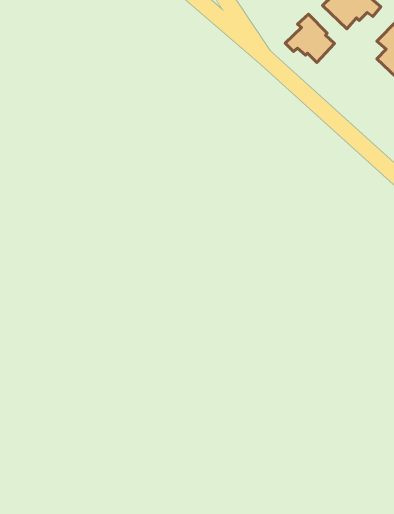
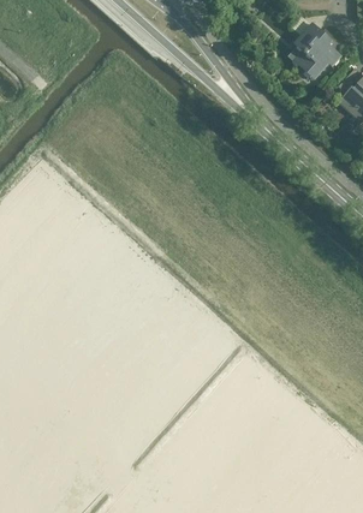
building: [285,14,335,62] -> none

